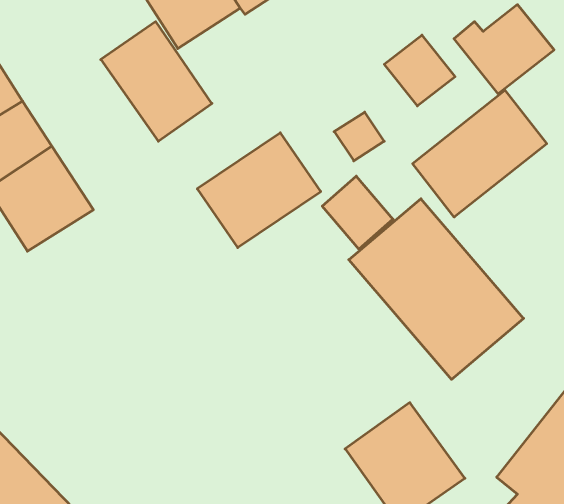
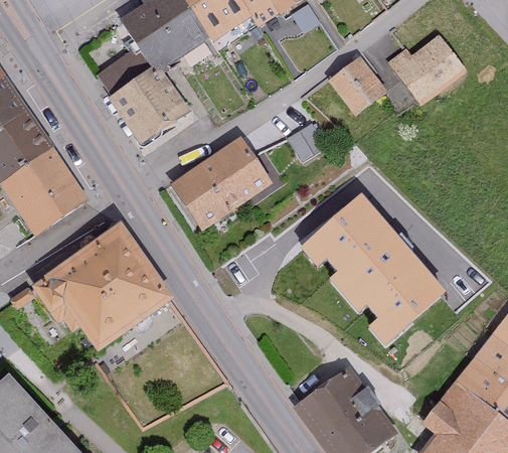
building: [413,90,547,217] -> none
building: [322,176,393,249] -> none
building: none -> [35,223,179,351]

